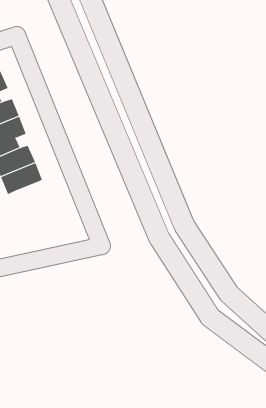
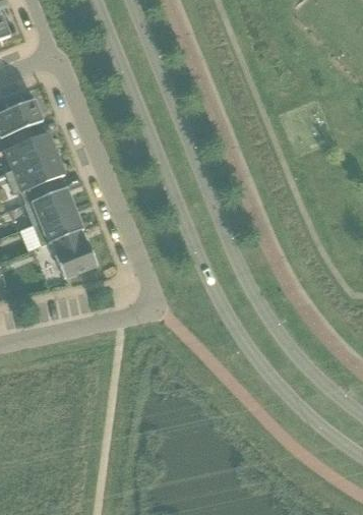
building: none -> [52,230,97,278]

